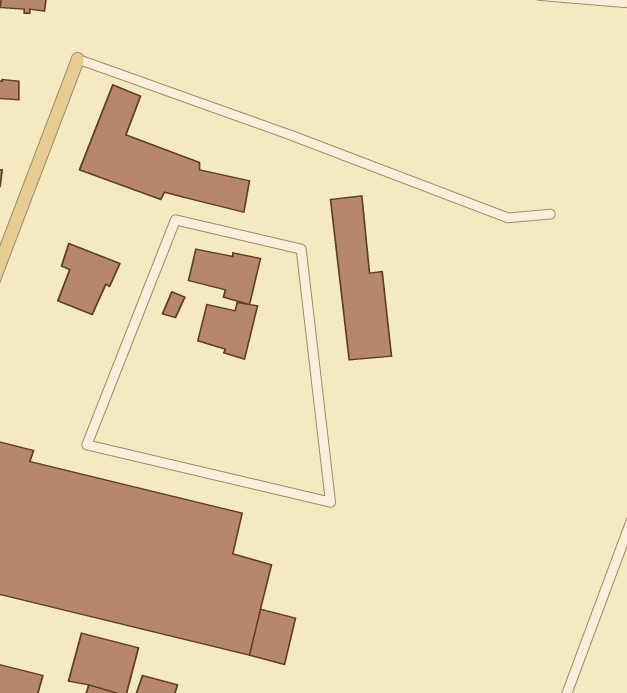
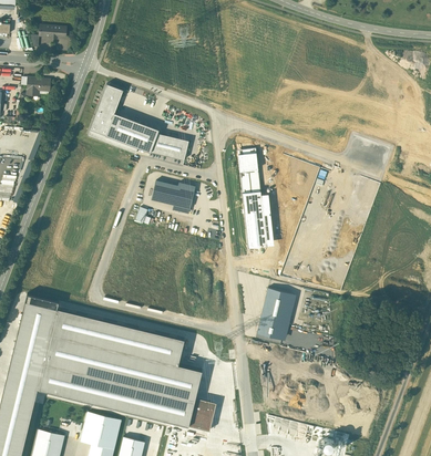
building: [58,244,120,315] -> none
building: [198,302,257,359] -> none
building: none -> [257,289,294,339]

